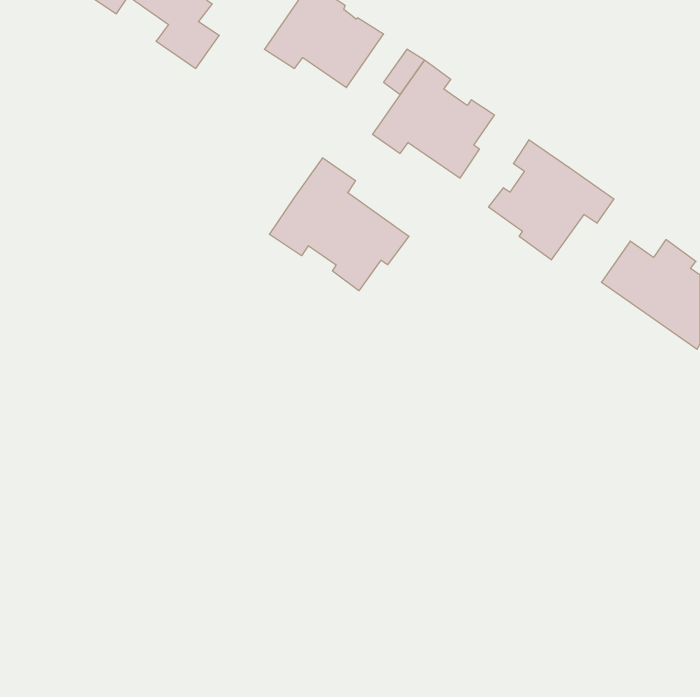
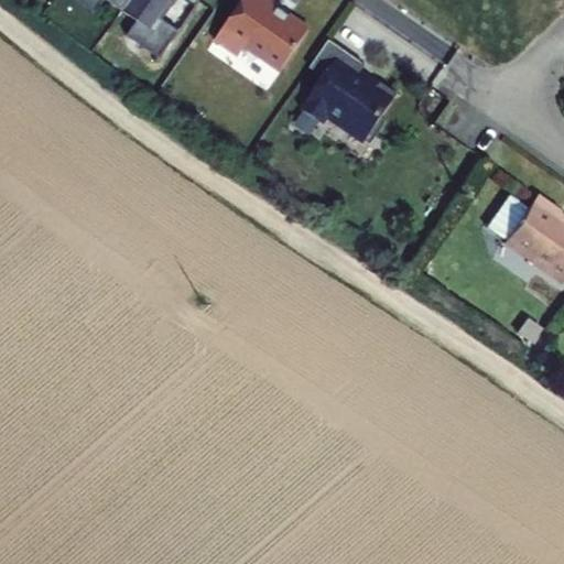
building: [489,140,614,260] -> none
building: [269,158,409,291] -> none

